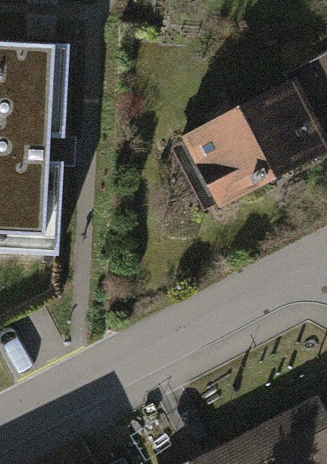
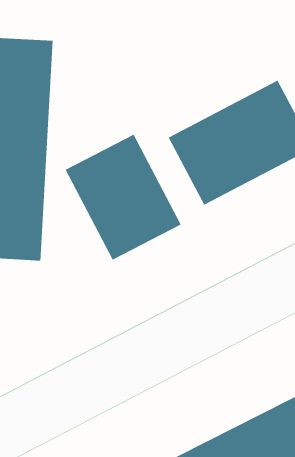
building: none -> [65,134,182,261]

